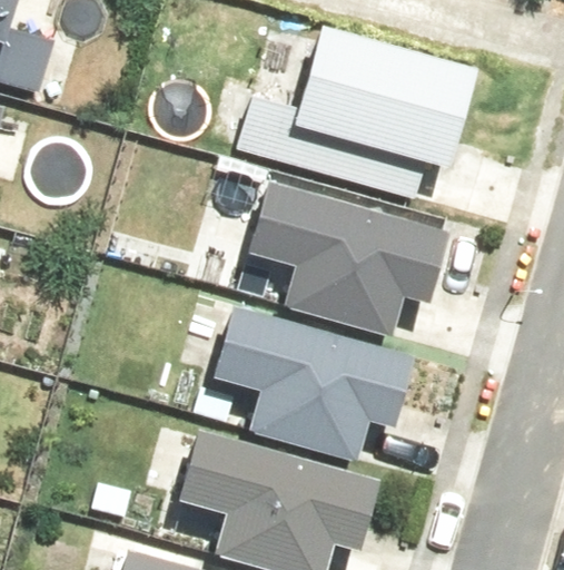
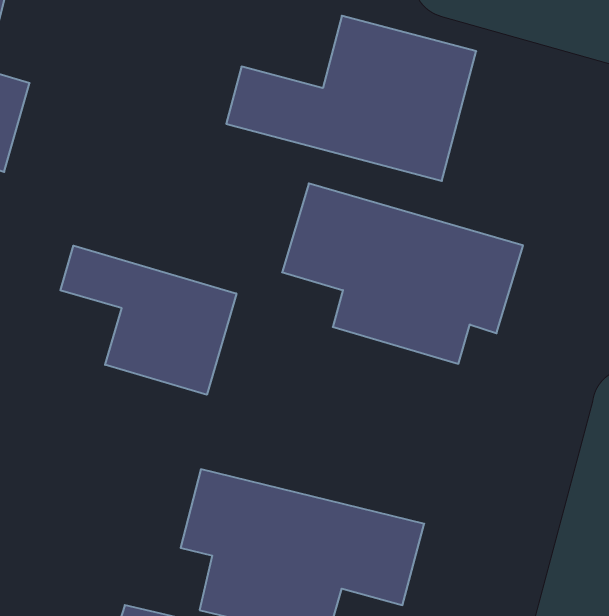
building: none -> [60,246,236,395]
building: [221,308,428,470] -> none

